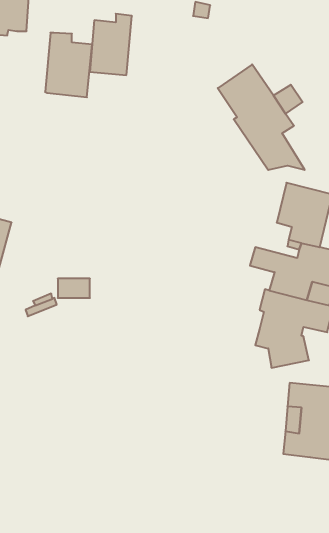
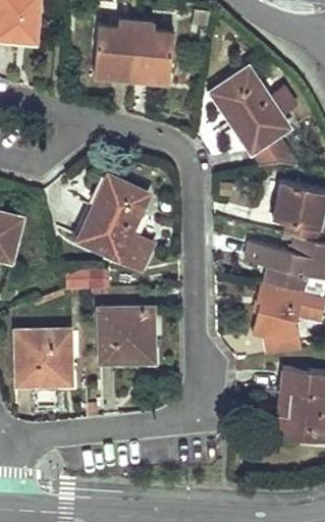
building: [45,33,92,97] -> [129,22,174,84]
building: none -> [79,178,153,270]
building: none -> [101,308,153,362]
building: none -> [17,330,70,392]

